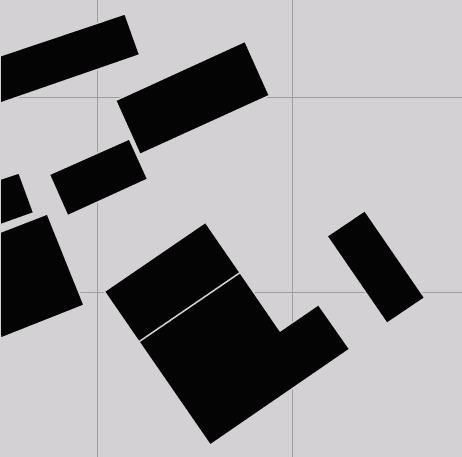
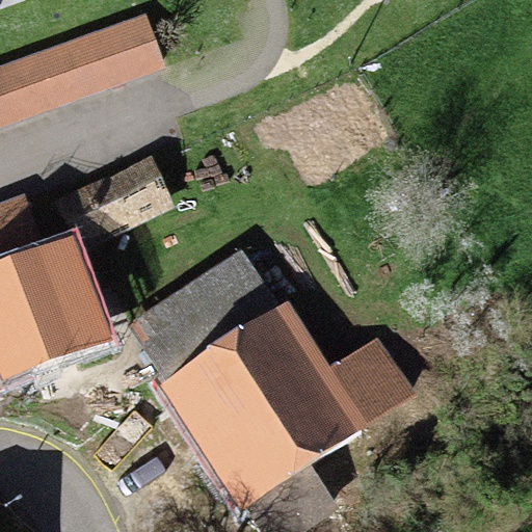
building: [115,41,270,154] -> none
building: [327,210,425,323] -> none

